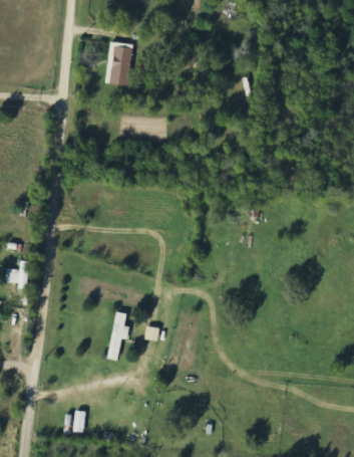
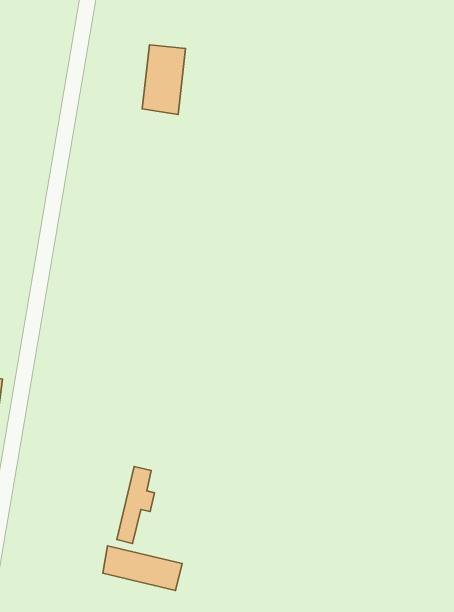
building: none -> [103,546,182,590]

